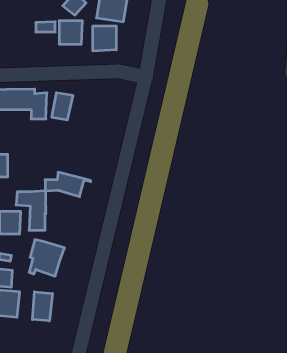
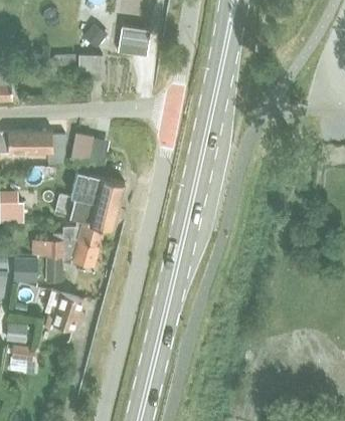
building: [93,26,116,51] -> none
building: none -> [69,172,124,227]
building: none -> [63,237,100,265]
building: [32,292,52,321] -> none

